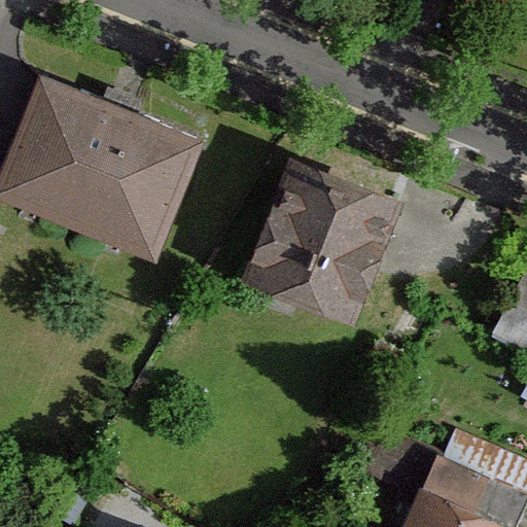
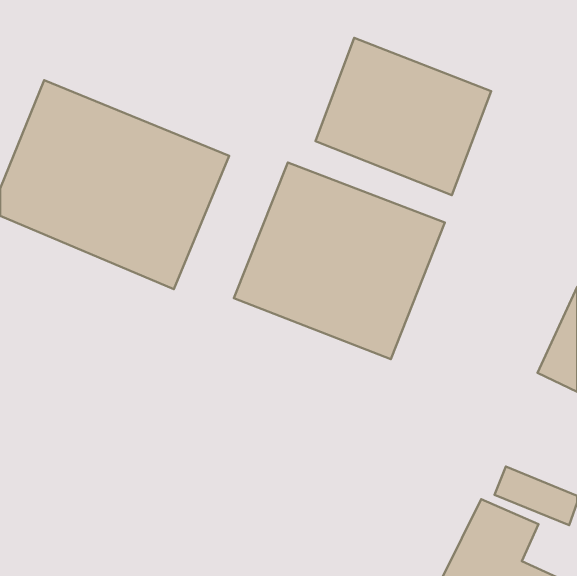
building: none -> [315,38,491,195]

